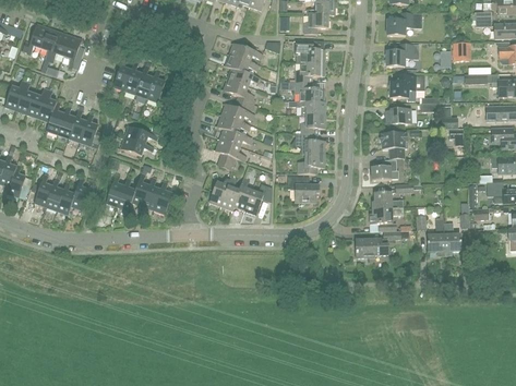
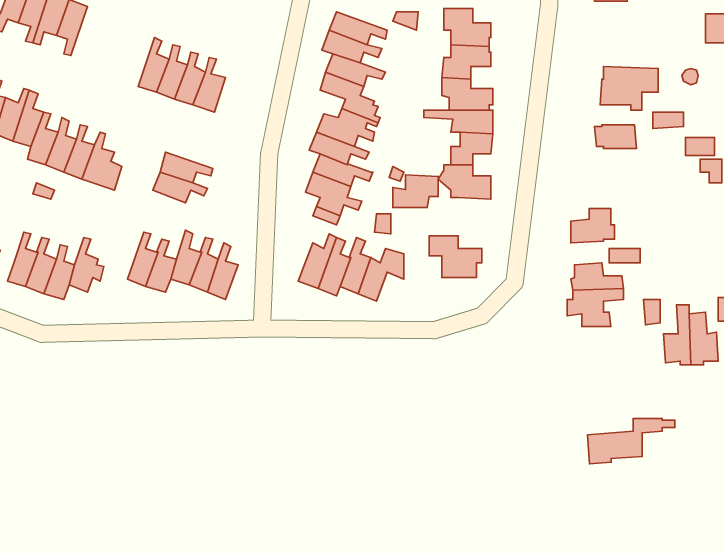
building: [386,45,419,65] -> none
building: [380,133,407,157] -> none
building: [297,153,324,172] -> [393,175,438,208]
building: [356,230,408,257] -> [588,418,675,464]

